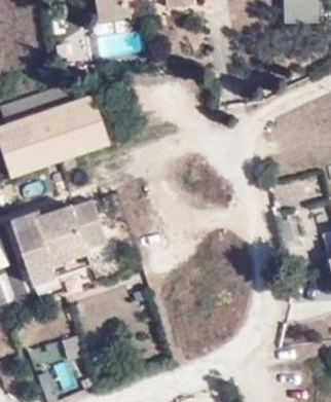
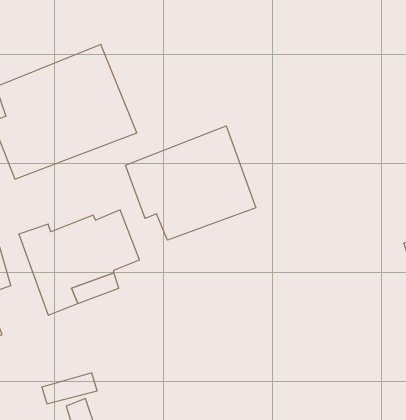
building: none -> [126,126,256,240]

